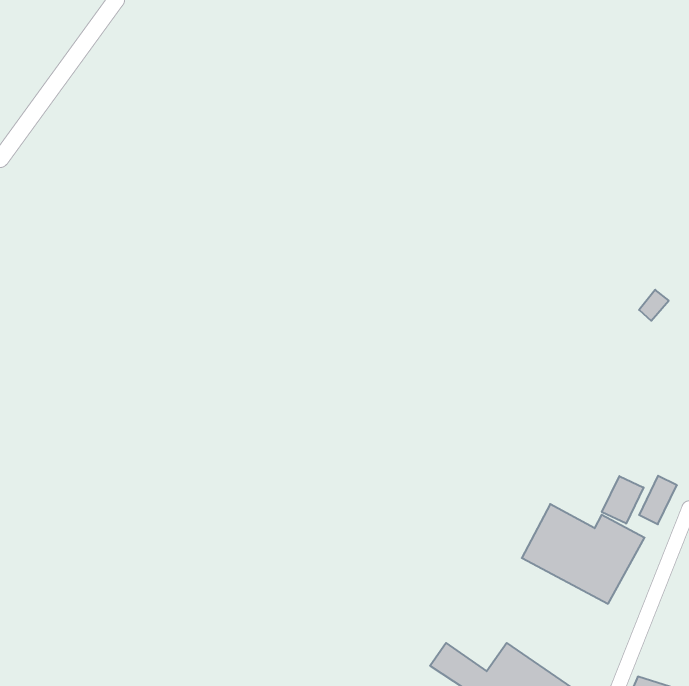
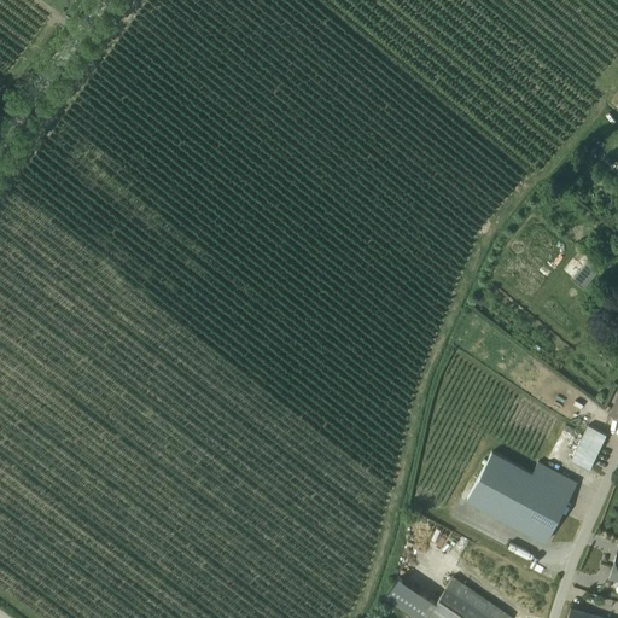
building: [602,476,644,524] -> none

